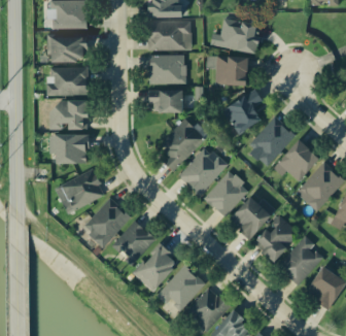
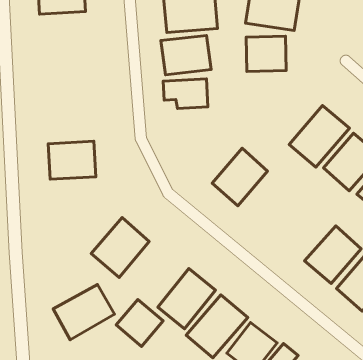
building: [49,32,86,62] -> none
building: [50,67,88,96] -> none
building: [221,87,263,134] -> none
building: [50,100,88,129] -> none
building: [158,120,204,173] -> none
building: [55,170,104,213] -> [53,285,115,340]
building: [203,170,249,216] -> none
building: [229,197,270,238] -> none
building: [114,221,152,259] -> [116,299,163,346]

